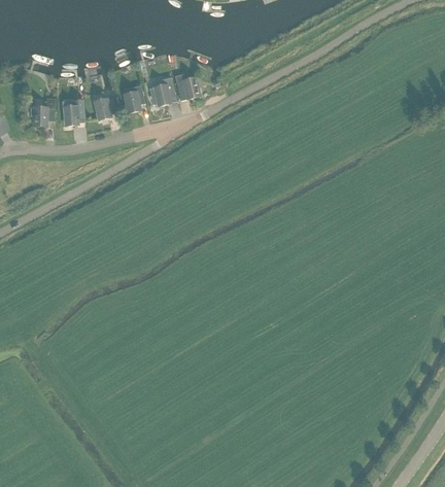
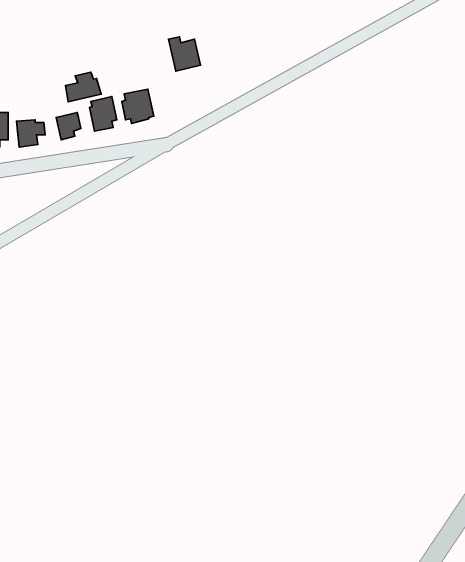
building: none -> [65,72,101,102]
building: [173,72,200,101] -> [168,37,201,71]

